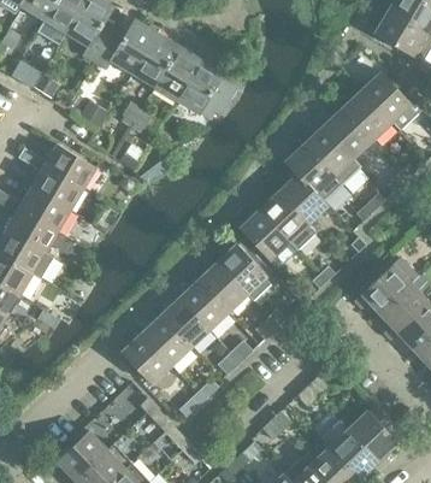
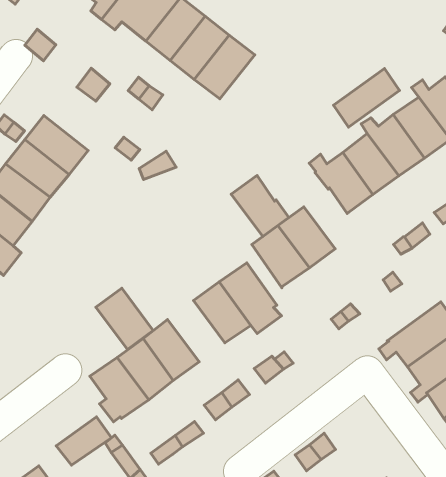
building: none -> [333,68,399,127]
building: [278,175,327,224] -> [231,175,289,237]
building: [178,281,228,330] -> [96,288,153,349]

